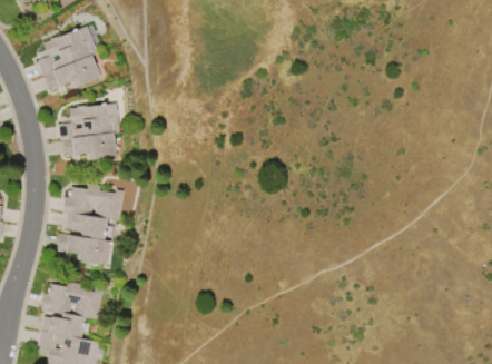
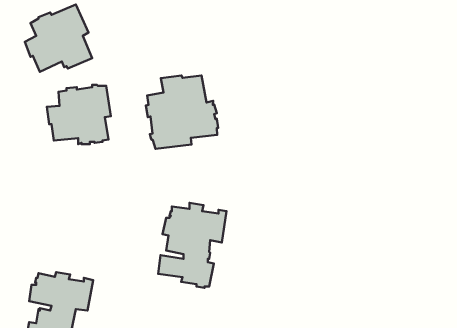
building: none -> [146,75,218,149]
building: [57,183,122,264] -> [158,203,227,288]

